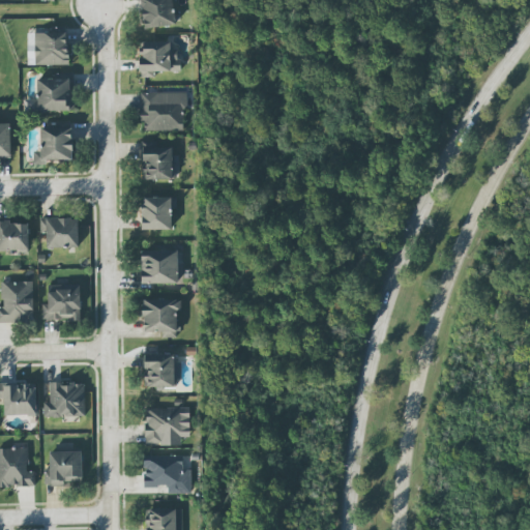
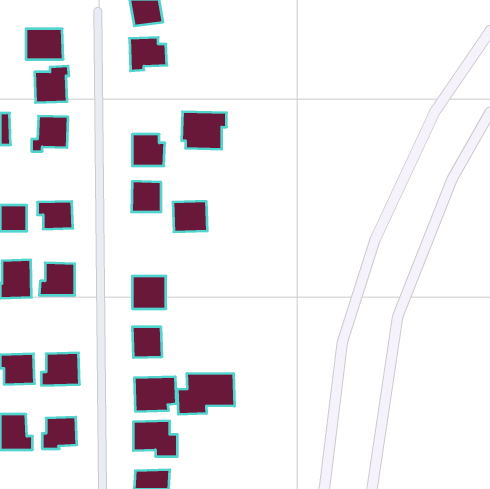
building: [140,90,188,130] -> [182,112,227,149]
building: [141,249,178,283] -> [173,201,207,232]
building: none -> [178,373,234,414]

